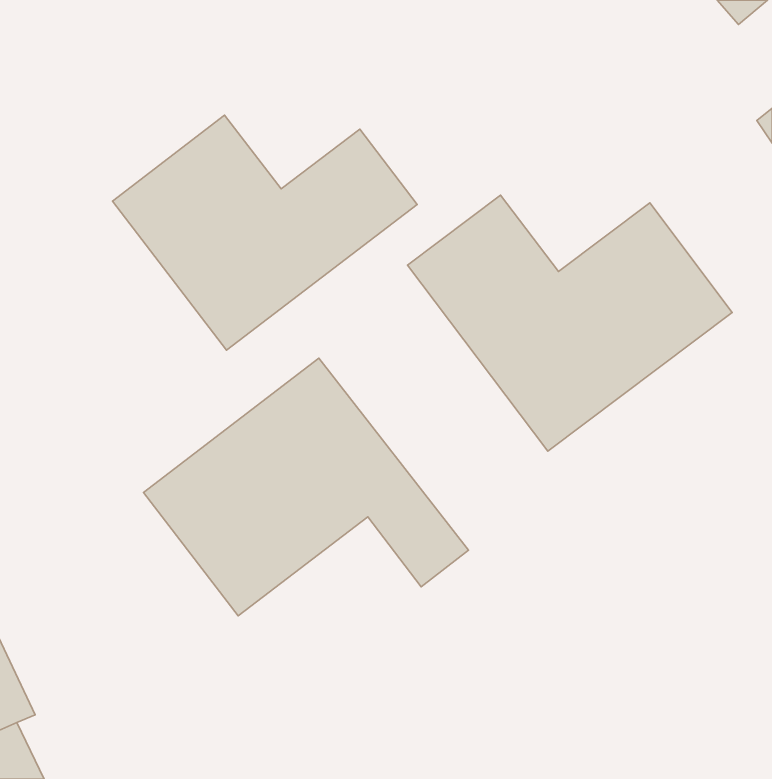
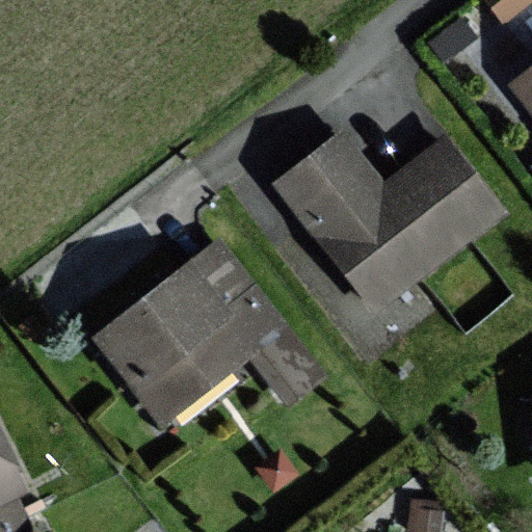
building: [112,115,417,350] -> none

